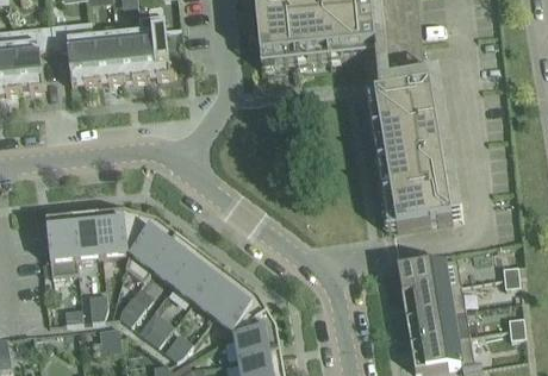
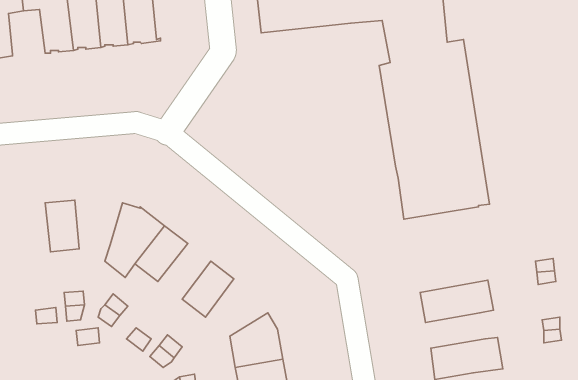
building: [98,211,139,256] -> none
building: [44,215,76,261] -> none
building: [170,251,217,300] -> none
building: [397,257,460,294] -> none
building: [212,282,267,332] -> none
building: [405,312,457,343] -> none

